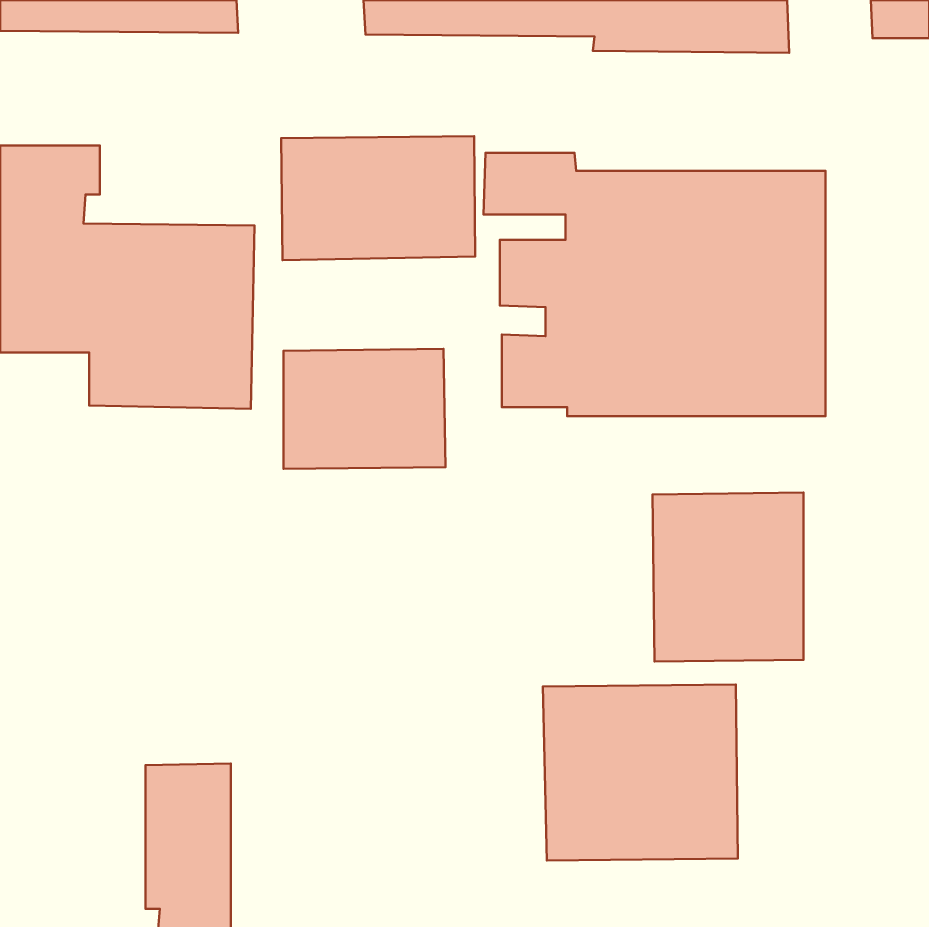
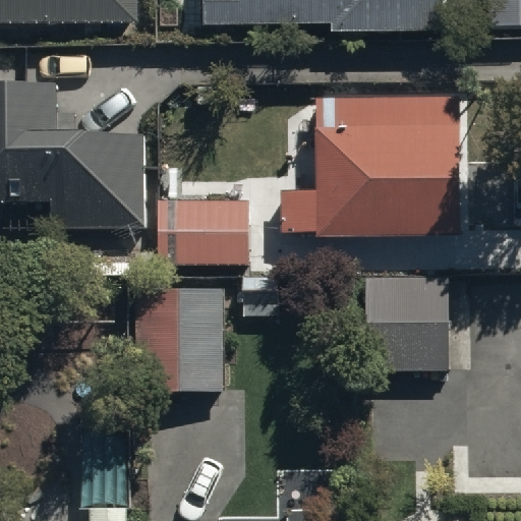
building: [281,136,475,260] -> none
building: none -> [139,287,225,388]
building: [543,684,738,861] -> none

